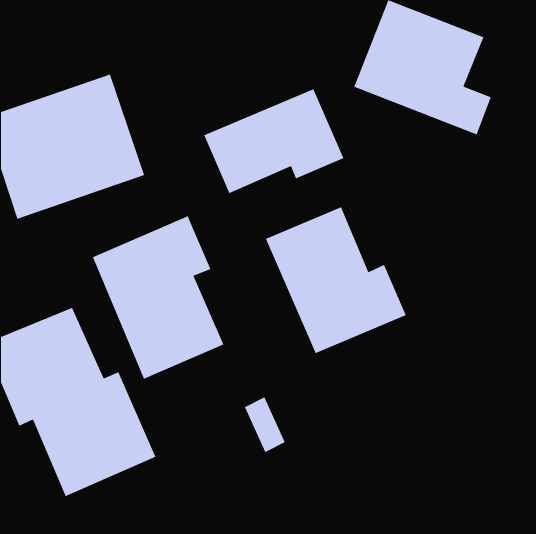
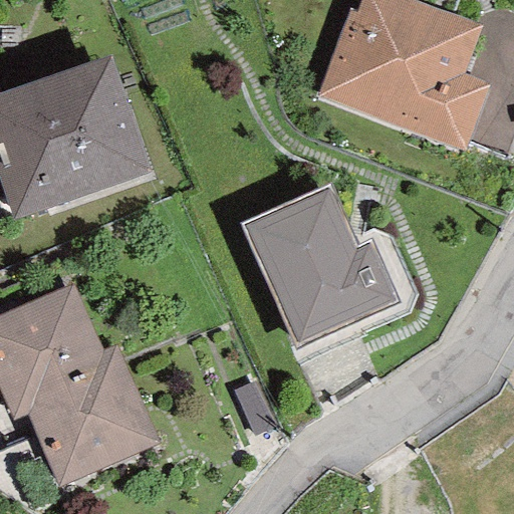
building: [203,88,344,194] -> none
building: [92,215,224,380] -> none

